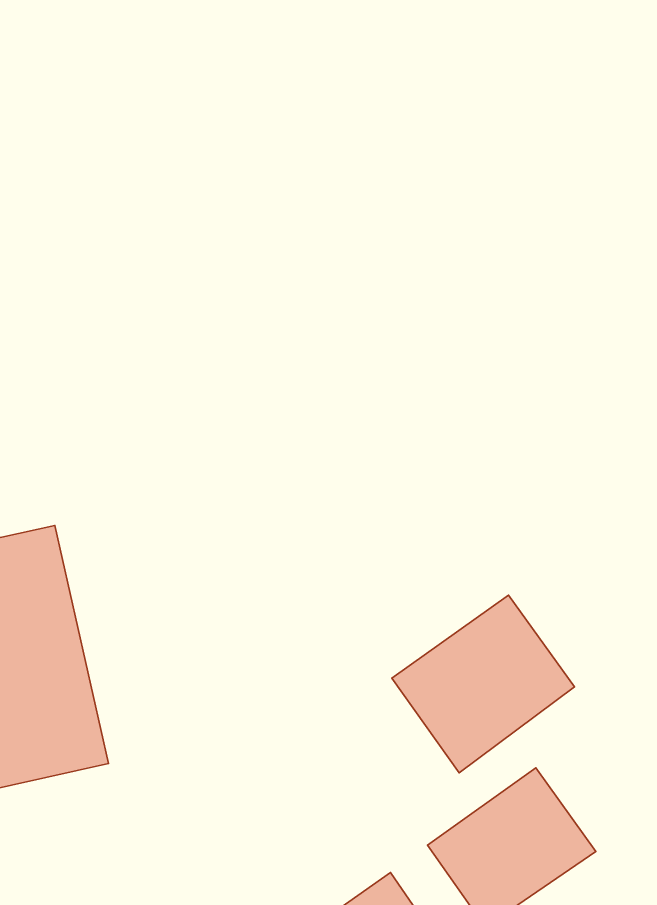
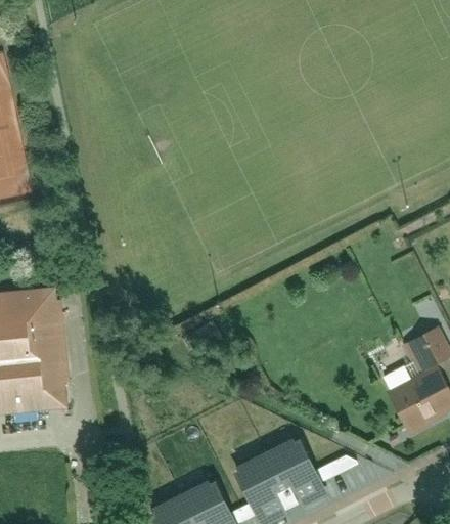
building: [392,595,575,773] -> none

